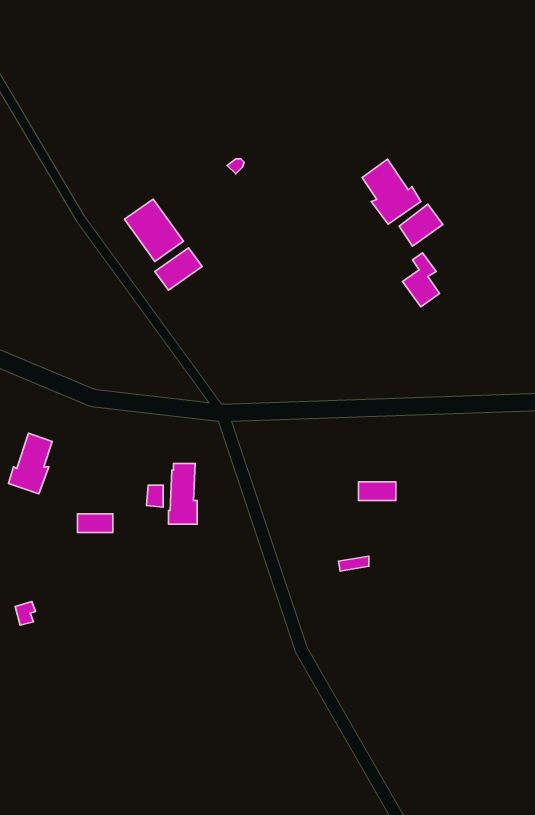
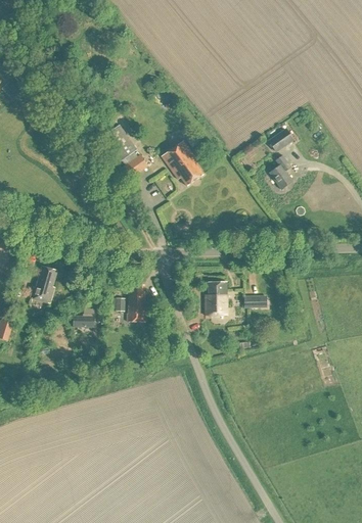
building: [362,159,421,224] -> none
building: none -> [162,140,205,186]
building: none -> [206,281,227,315]

